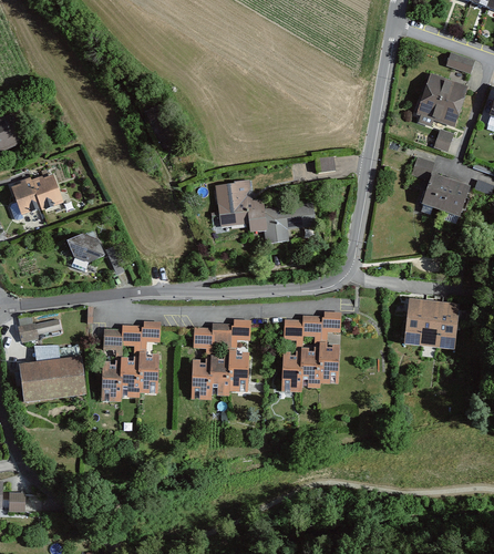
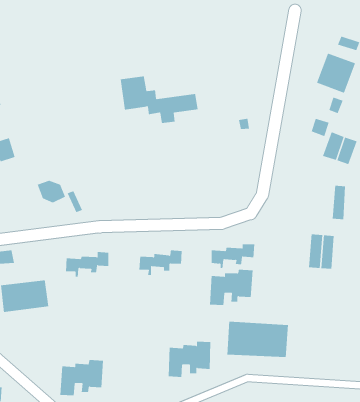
building: [32,175,60,207] -> none
building: [216,181,315,240] -> [120,76,198,124]
building: [436,302,454,346] -> [332,185,346,220]
building: [101,353,156,399] -> [60,360,104,396]
building: [189,353,244,399] -> [168,341,211,377]
building: none -> [227,321,288,358]

